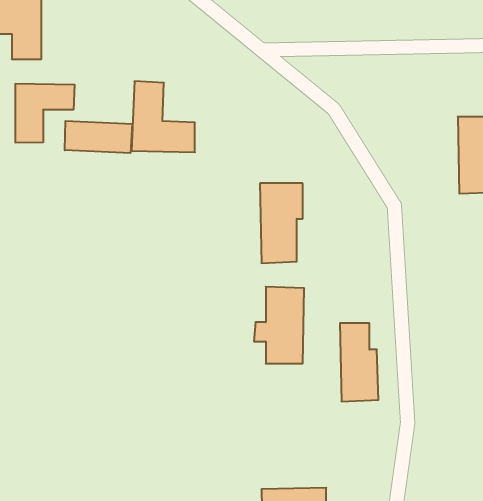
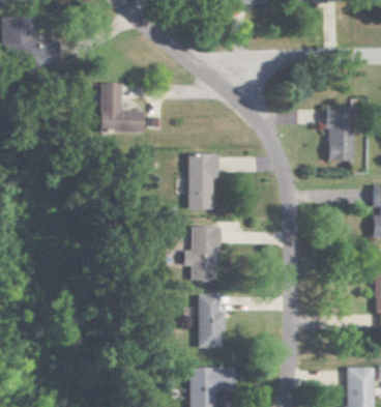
building: [15,84,75,143] -> none
building: [65,121,132,153] -> none
building: [340,323,378,401] -> [199,293,226,348]

